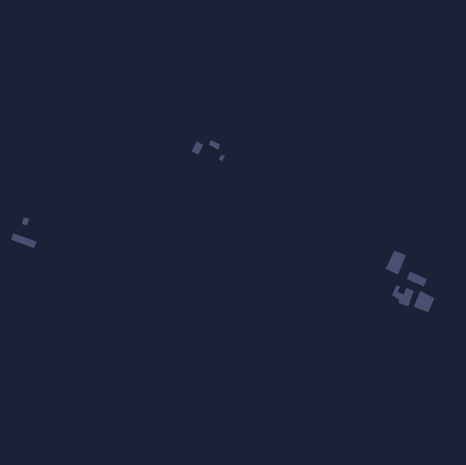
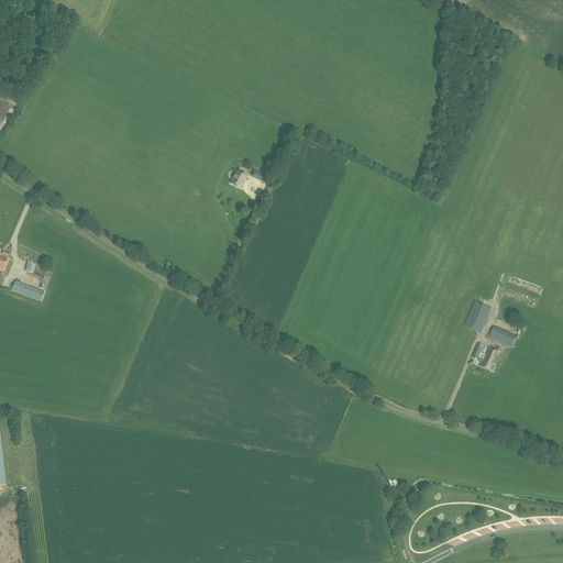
building: [413,290,435,313] -> none

